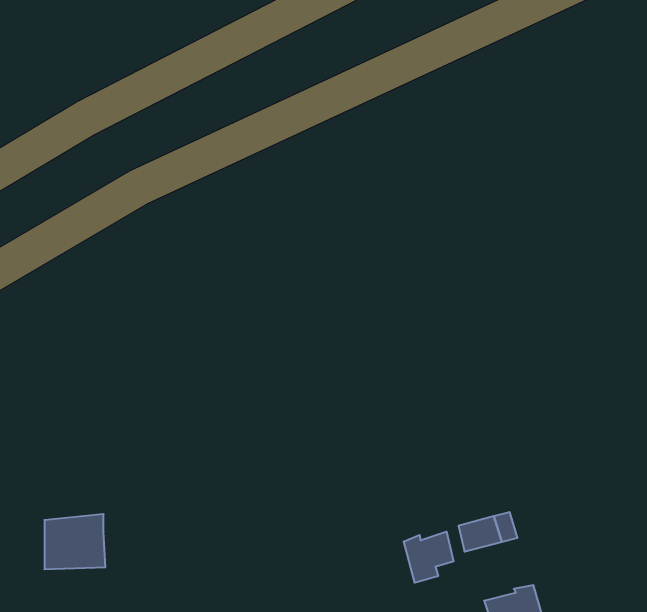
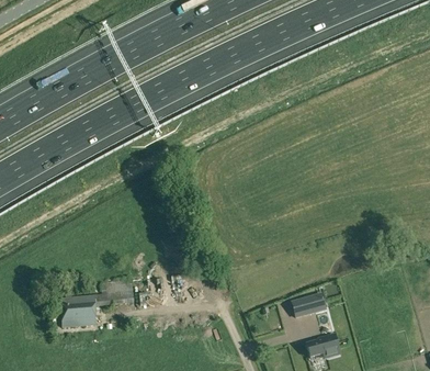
building: none -> [95,280,134,305]
building: [404,532,454,583] -> none

